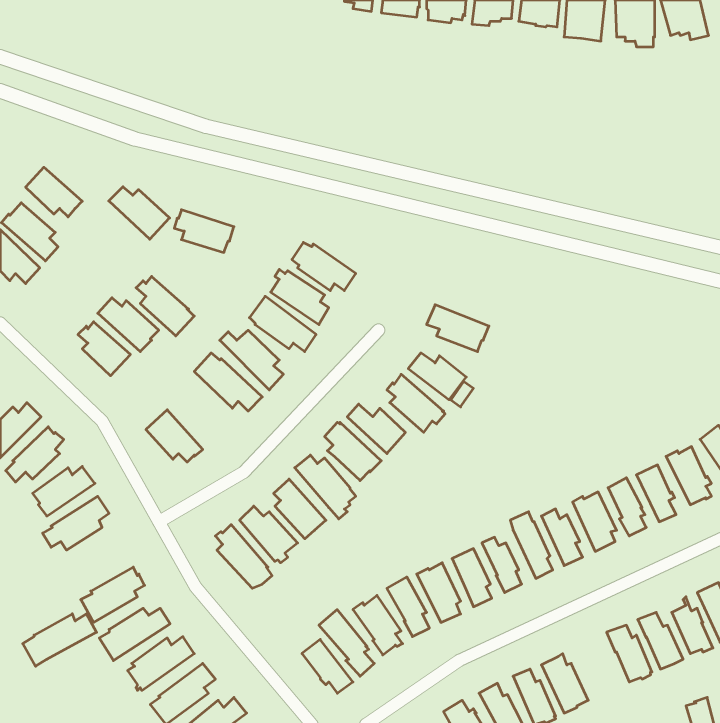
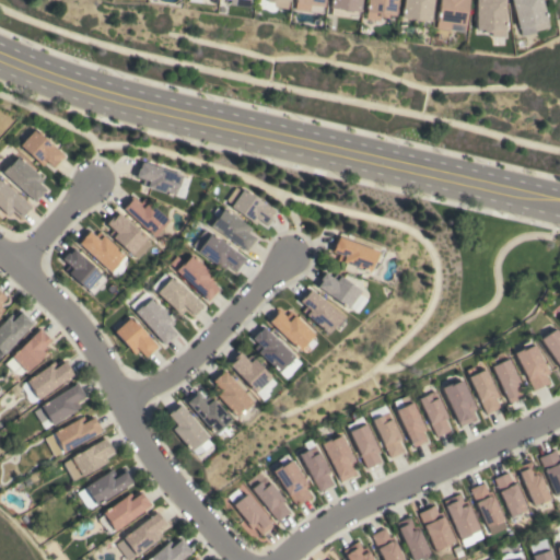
building: [109,187,170,239] -> [124,197,171,237]
building: none -> [132,292,178,346]
building: [23,614,97,666] -> [47,417,104,457]
building: none -> [446,494,485,547]

